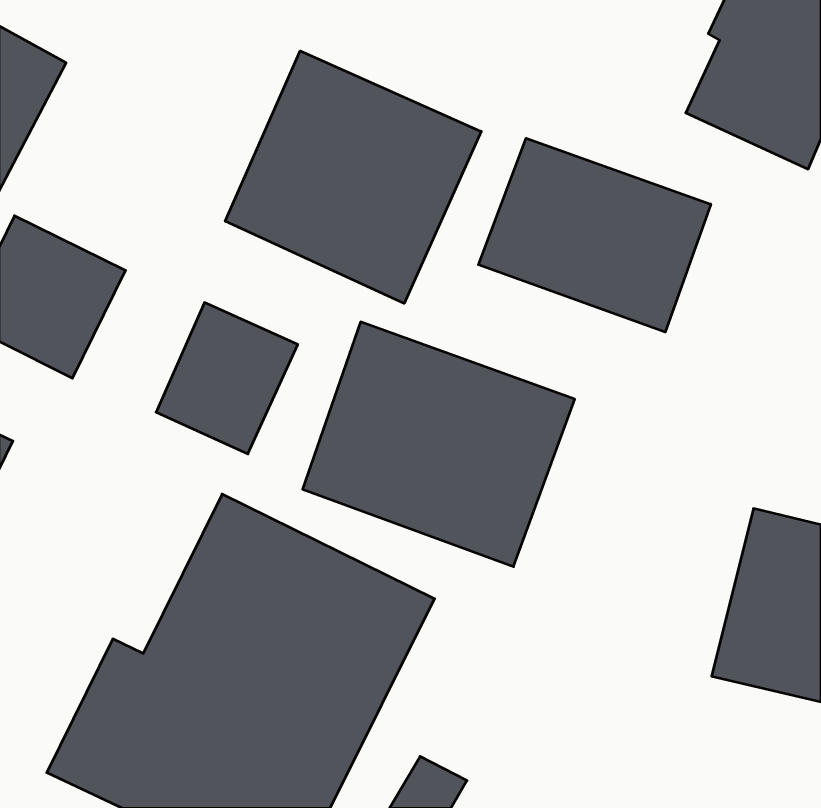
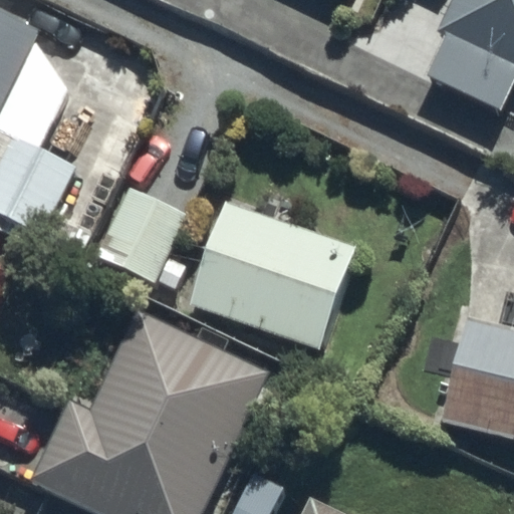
building: [225,51,481,303] -> none
building: [478,138,711,332] -> none

